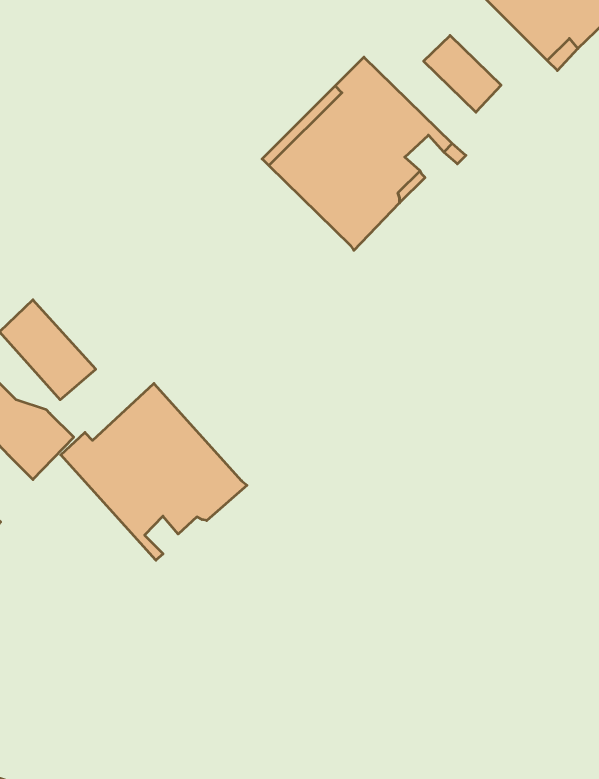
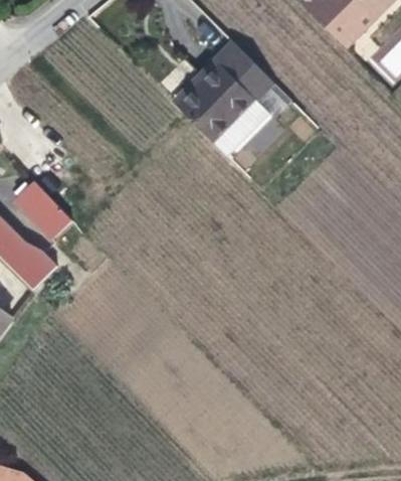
building: [424,35,501,112] -> none
building: [61,383,247,560] -> none

